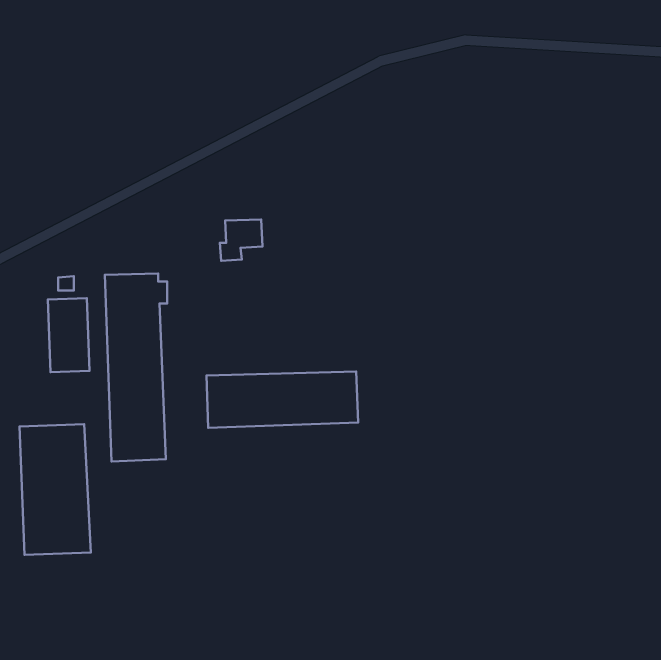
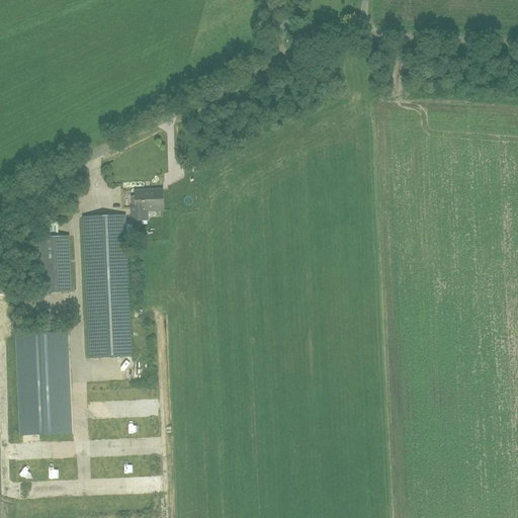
building: [220,219,263,261] -> [130,186,163,219]
building: [206,371,358,428] -> none

